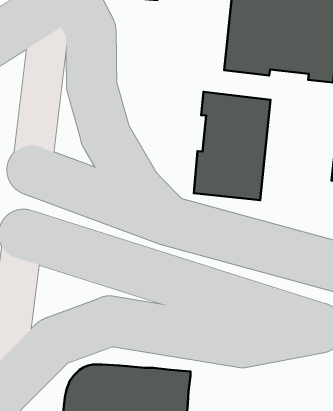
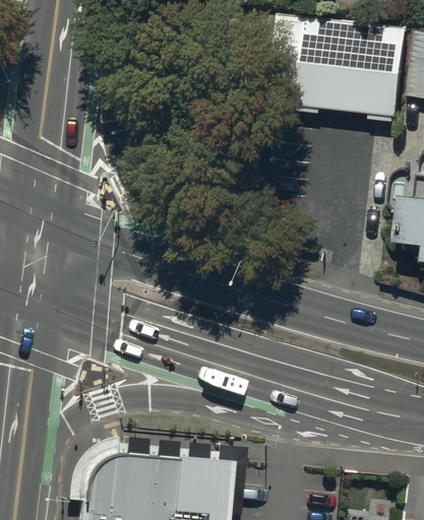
building: [194,92,270,200] -> none

